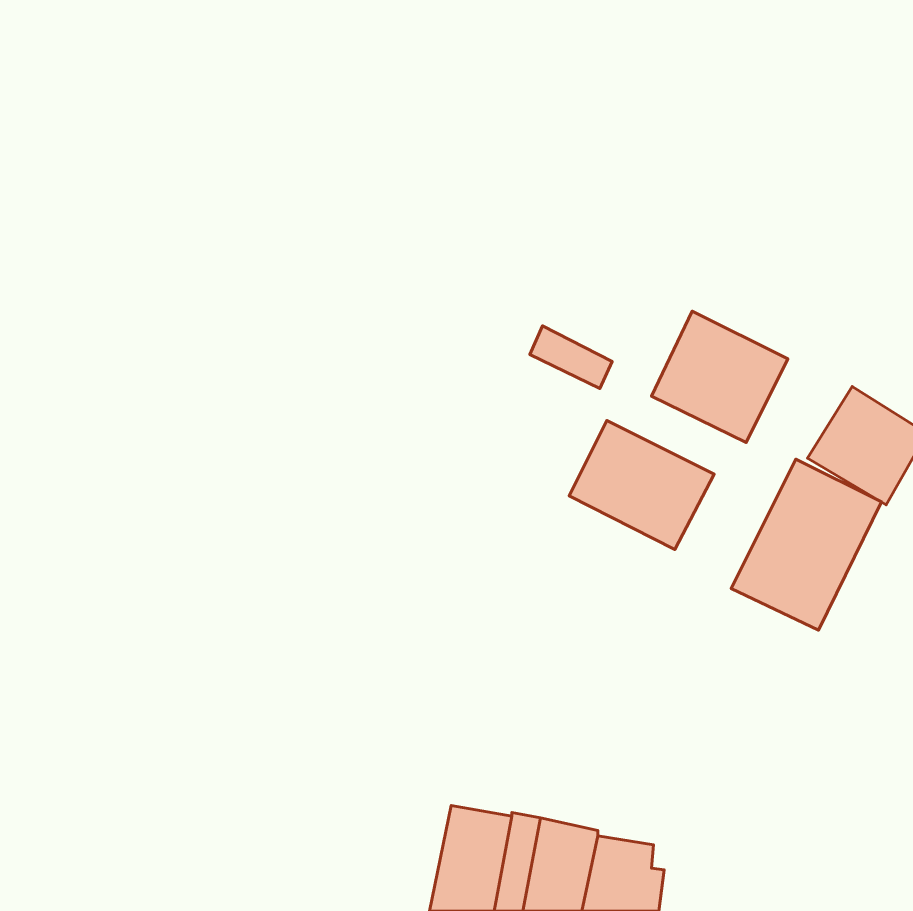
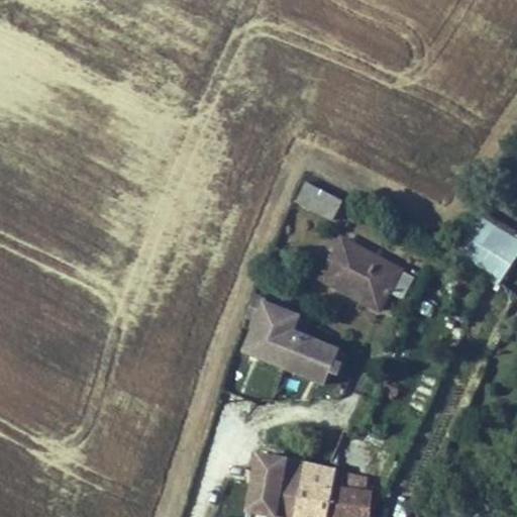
building: [651,311,788,443] -> none
building: [731,459,882,630] -> none
building: none -> [244,294,344,389]

